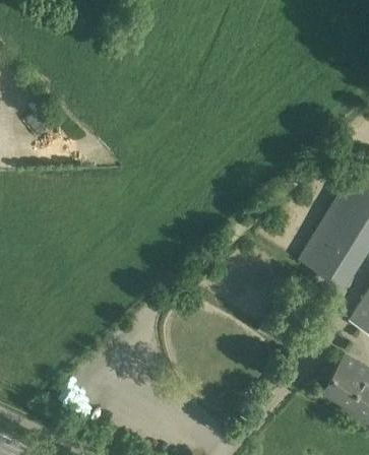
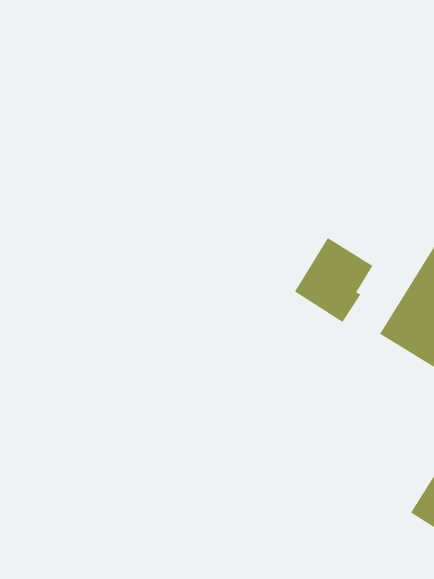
building: none -> [294,237,373,323]

